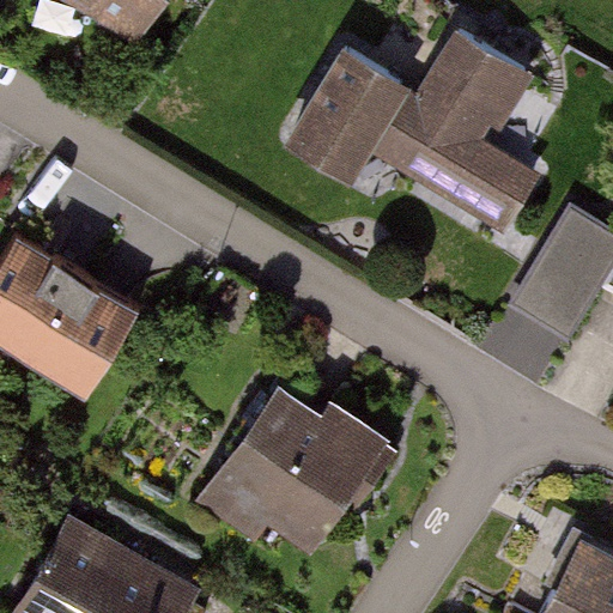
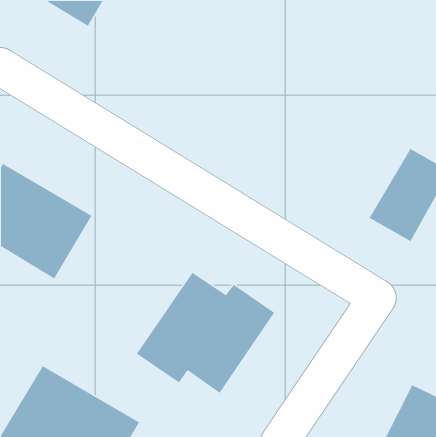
building: [275,38,552,237] -> none

